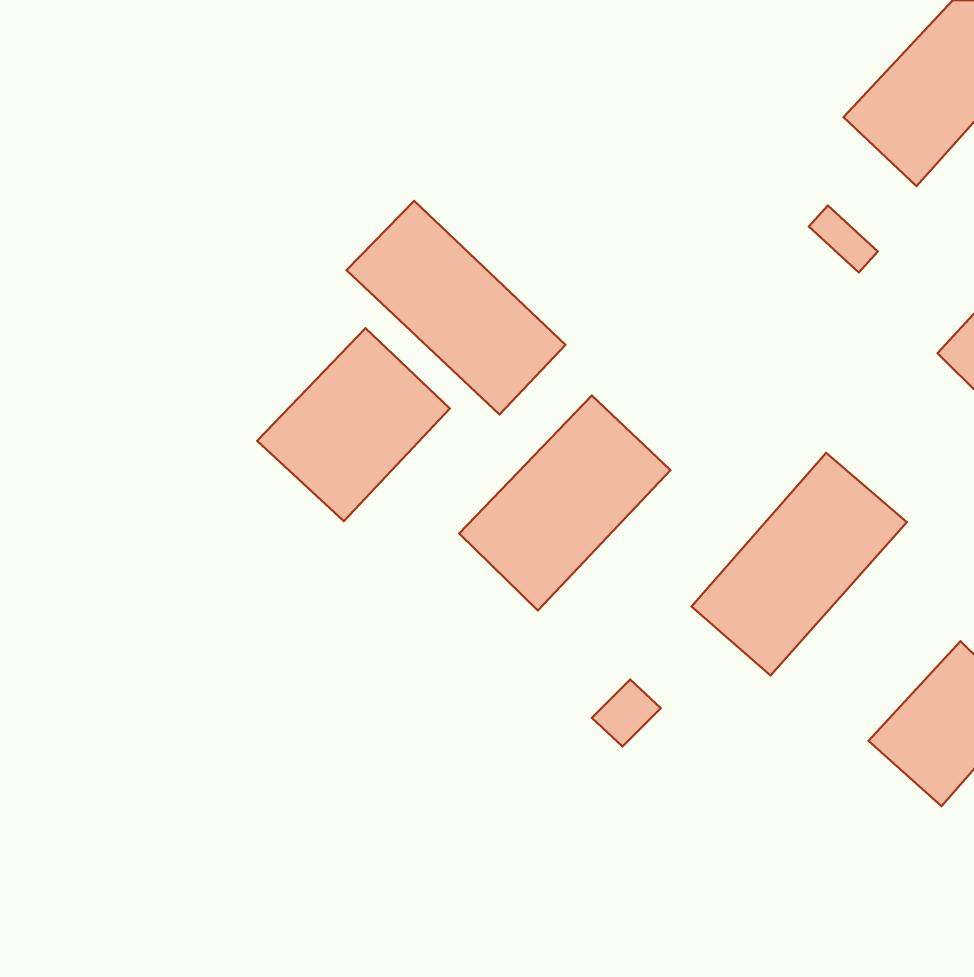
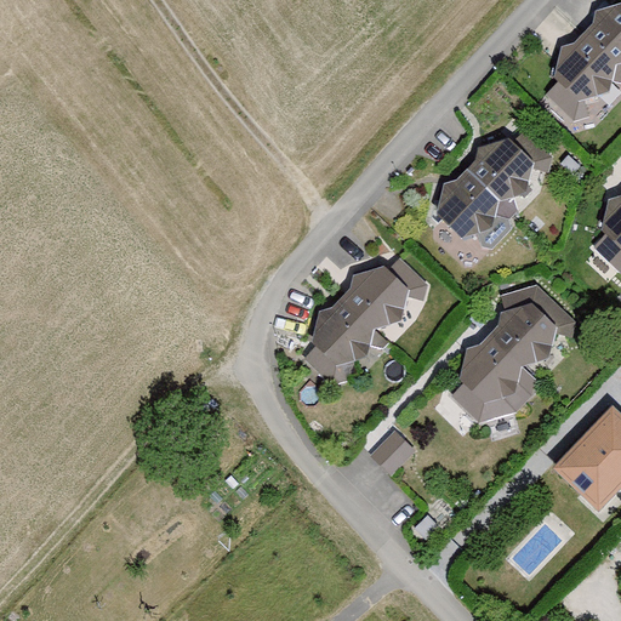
building: [346,201,565,414] -> none
building: none -> [423,130,545,252]
building: [257,328,450,521] -> none

